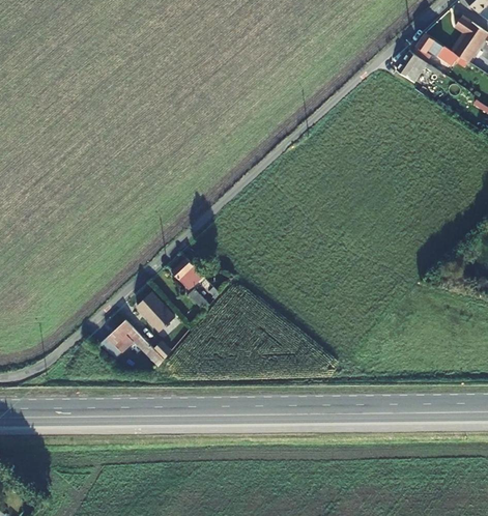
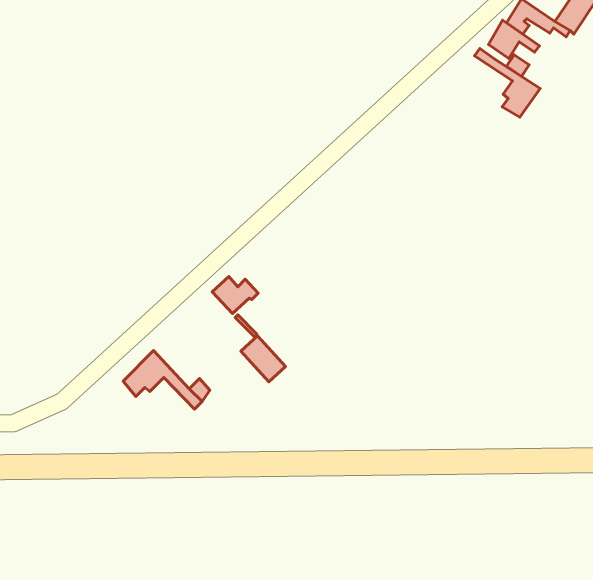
building: none -> [475,49,540,117]
building: [139,294,175,332] -> [241,336,286,382]

